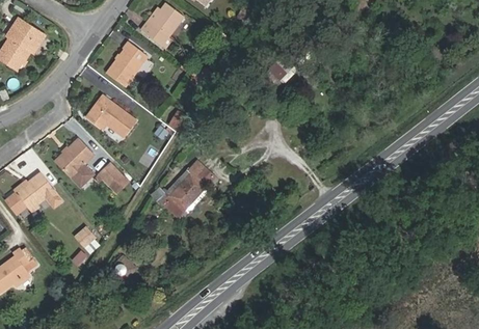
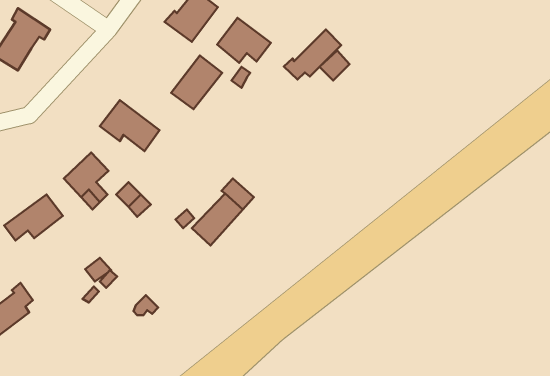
building: none -> [217,18,271,63]
building: none -> [284,30,341,79]
building: [105,42,148,86] -> [171,56,222,109]

